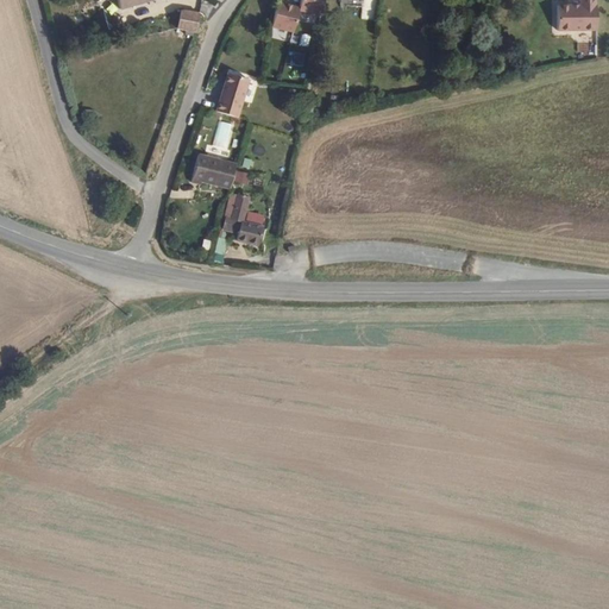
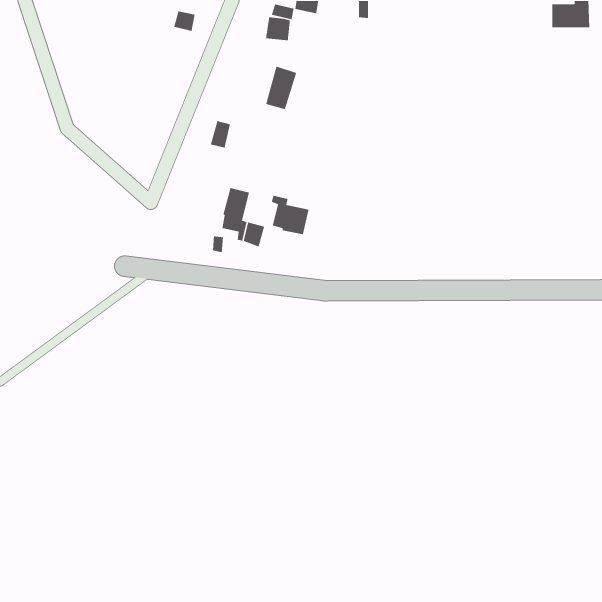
building: [216,70,249,115] -> [265,65,297,110]
building: [193,150,237,184] -> none
building: none -> [271,195,310,235]

